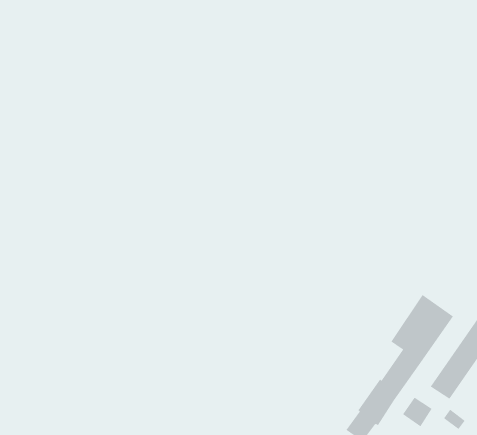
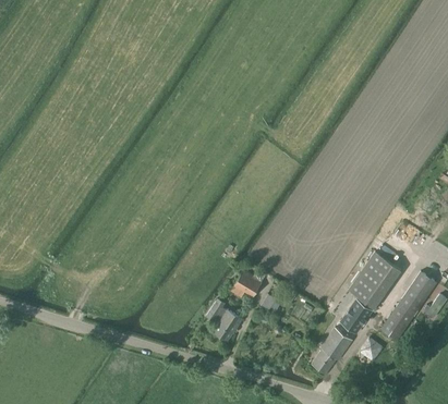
building: none -> [233,270,265,297]
building: none -> [205,298,242,341]

